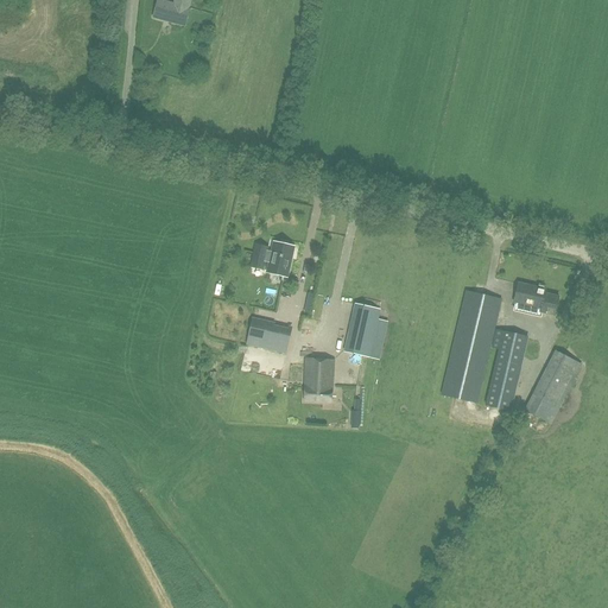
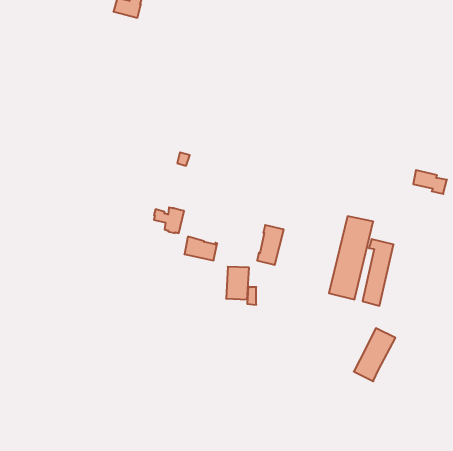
building: [253,240,293,274] -> [154,207,184,233]
building: [513,281,558,314] -> [413,170,447,194]
building: [525,350,581,422] -> [354,328,395,381]

